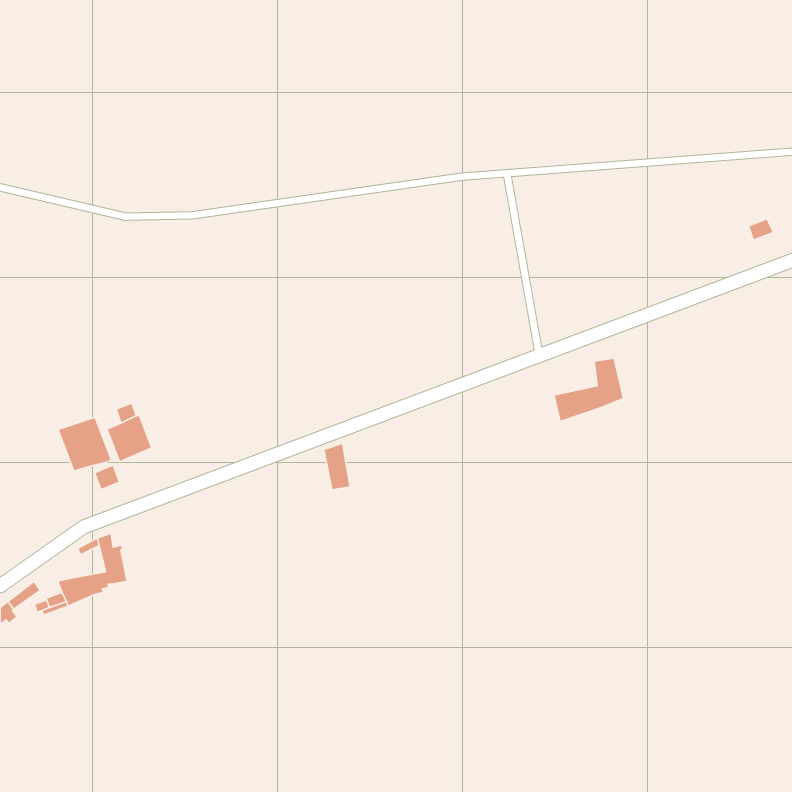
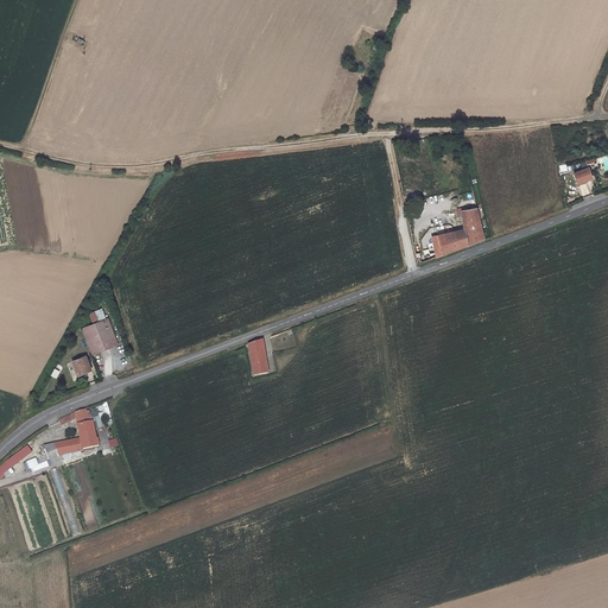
building: [554,358,624,422] -> [431,208,484,256]
building: [58,417,111,471] -> none

